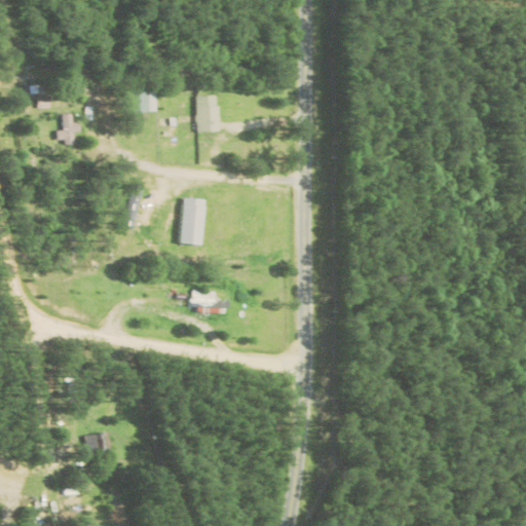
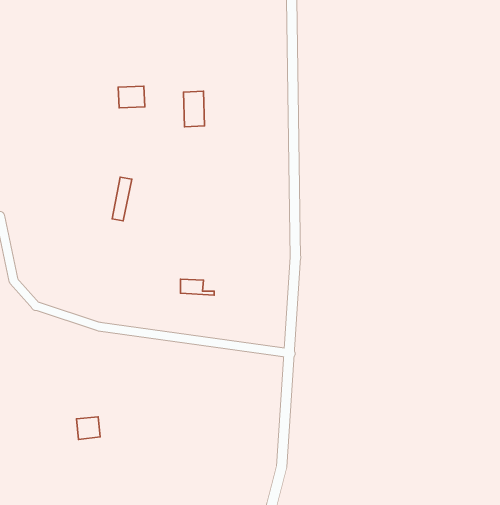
building: [58,113,82,143] -> none
building: [179,197,205,246] -> none

